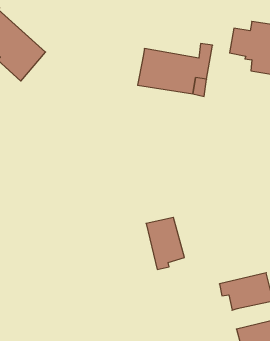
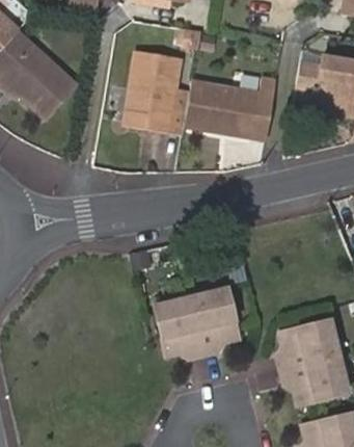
building: none -> [125,53,191,132]
building: none -> [158,295,209,356]
building: none -> [281,319,342,369]

